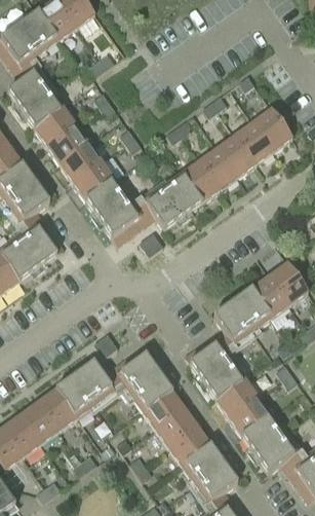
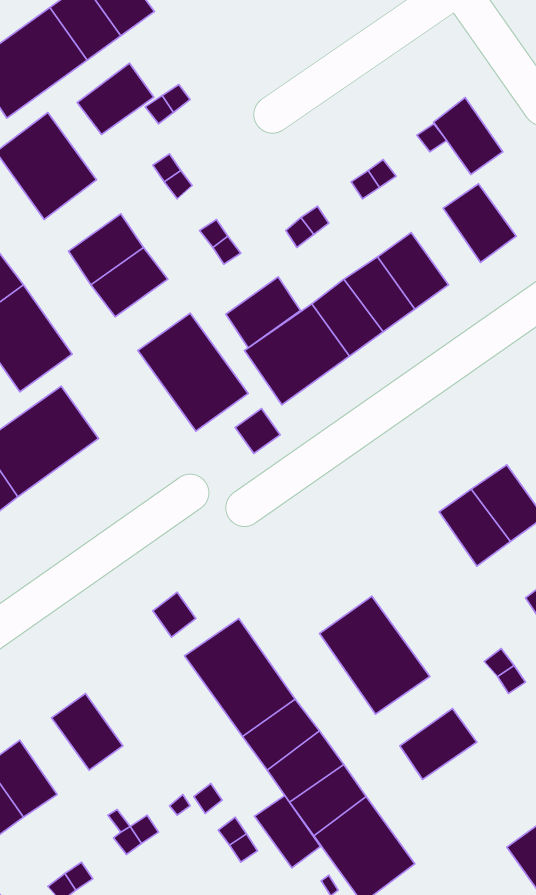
building: [34,106,76,145] -> [77,63,154,134]
building: [235,121,273,163] -> [433,98,503,174]
building: [73,160,114,199] -> [226,277,301,348]
building: [213,288,271,343] -> none
building: [56,361,114,416] -> none
building: [215,378,258,416] -> none
building: [21,401,58,443] -> none
building: [241,414,297,472] -> none
building: none -> [254,795,320,868]

